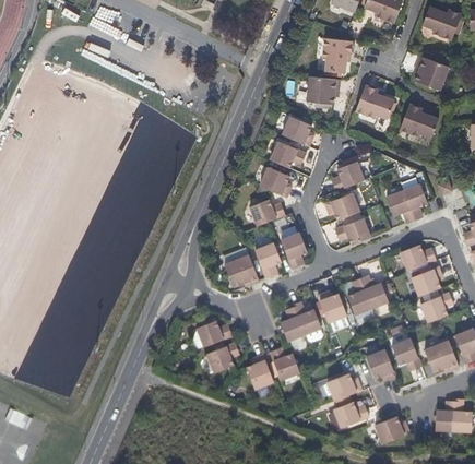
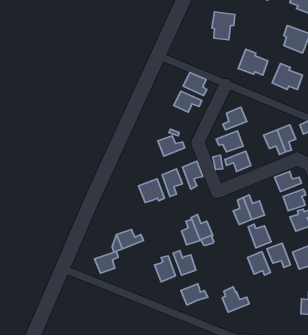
building: [305,76,337,105] -> none
building: [261,167,290,197] -> none
building: [318,292,347,322] -> [248,224,271,248]
building: [206,342,237,370] -> [95,251,118,273]
building: [326,372,361,400] -> [181,284,208,305]
building: [375,416,408,442] -> none

